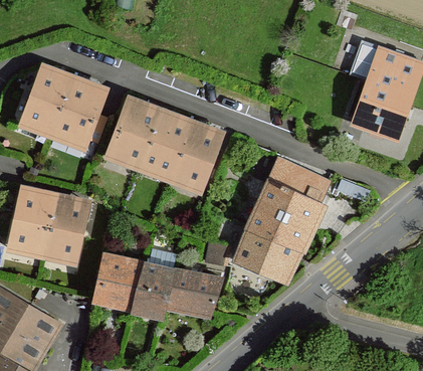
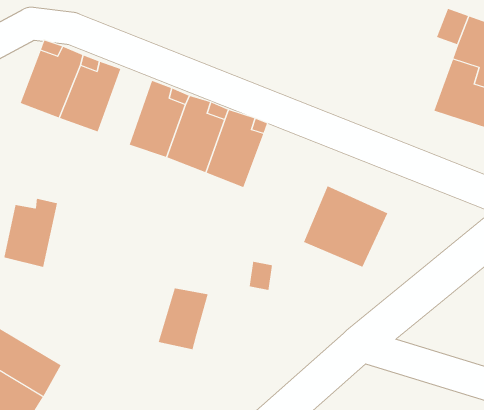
building: [268,164,325,204] -> none
building: [43,196,84,254] -> none
building: [235,227,296,282] -> none
building: [97,254,147,307] -> none
building: [165,268,222,311] -> none

